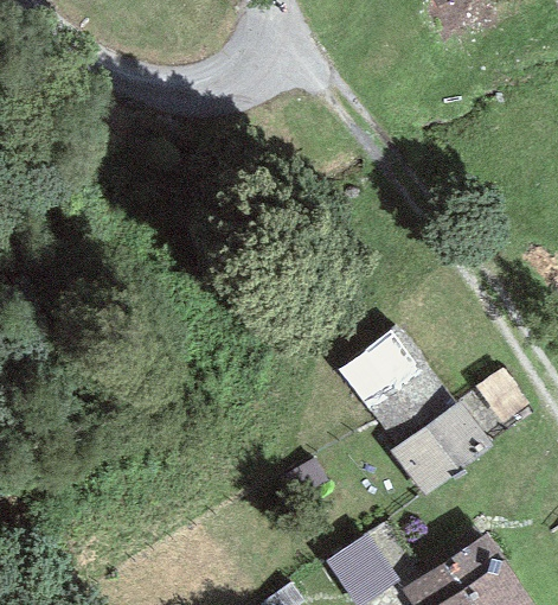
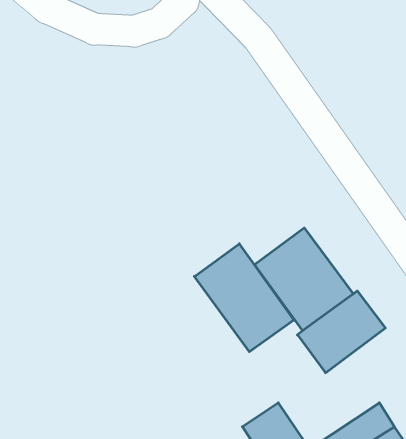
building: none -> [194,244,294,352]

